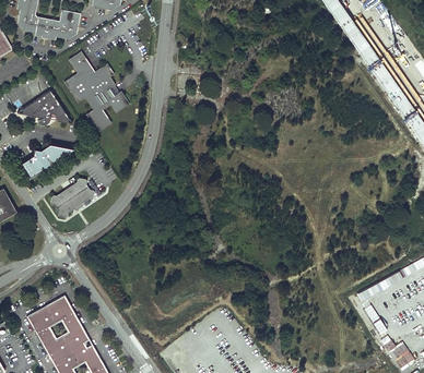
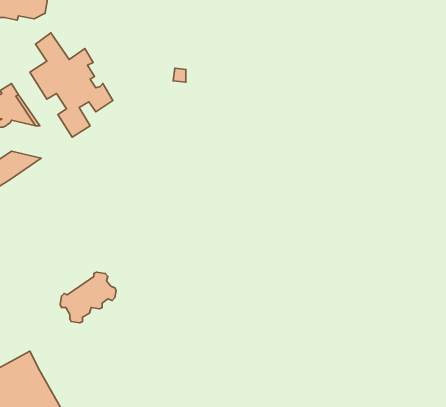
building: [50,178,94,217] -> [60,272,116,323]

